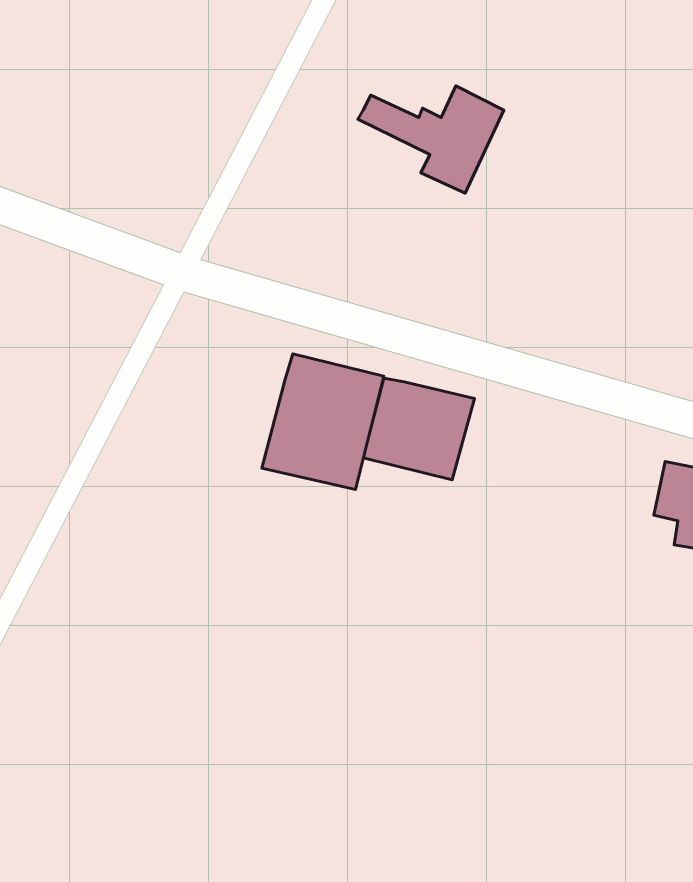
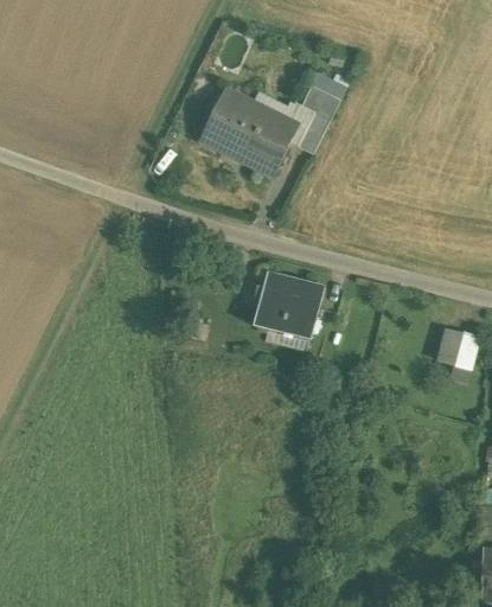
building: none -> [199,88,295,175]
building: [262,354,384,489] -> none

